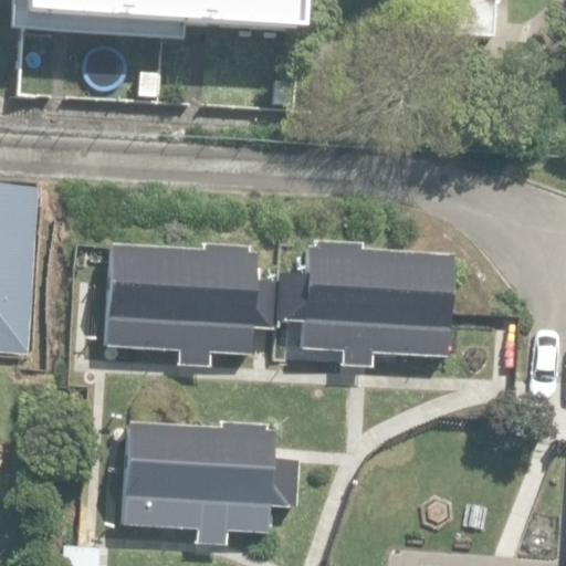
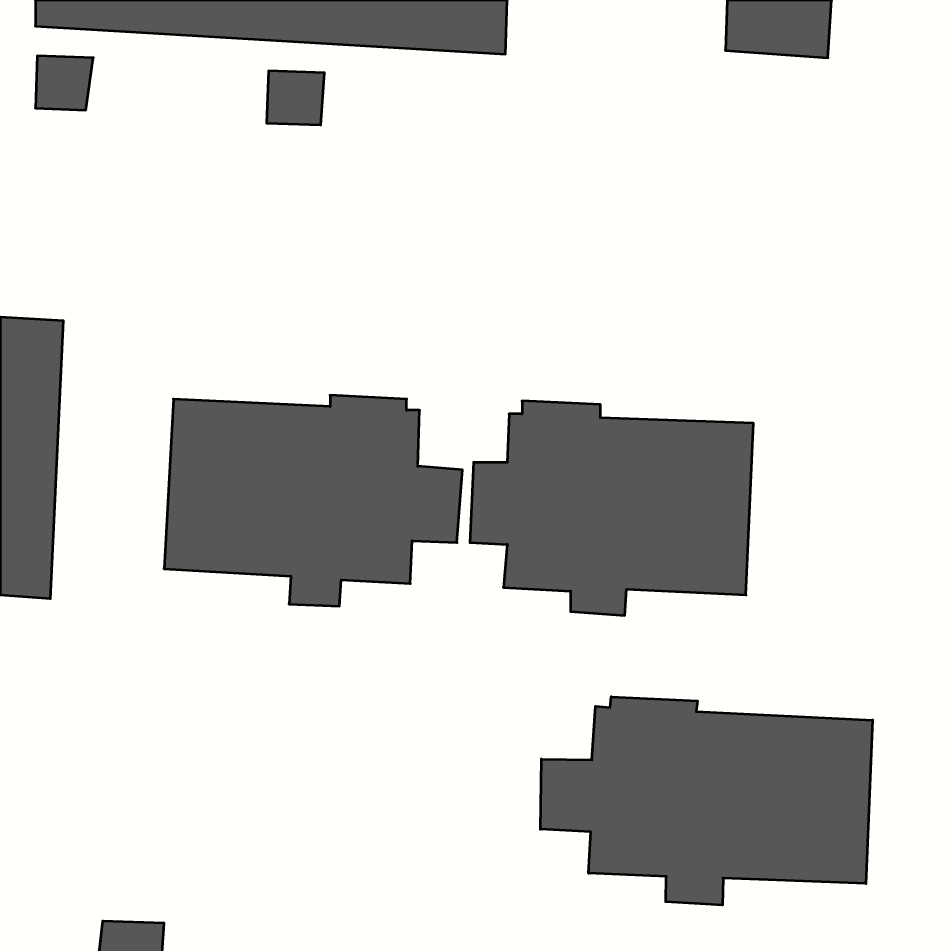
building: none -> [540,697,873,905]
building: [122,423,298,548] -> none

